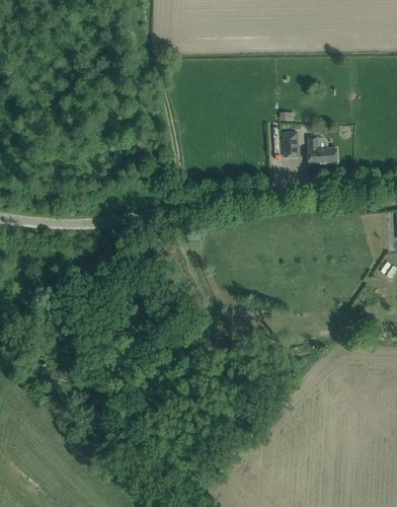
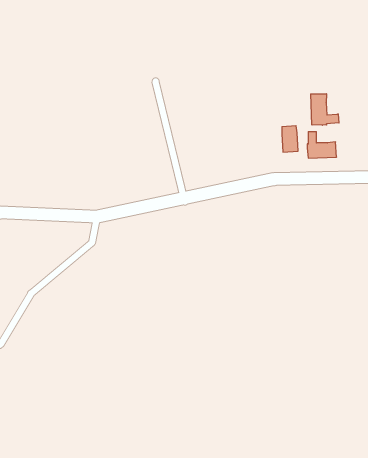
building: none -> [311,94,339,125]

